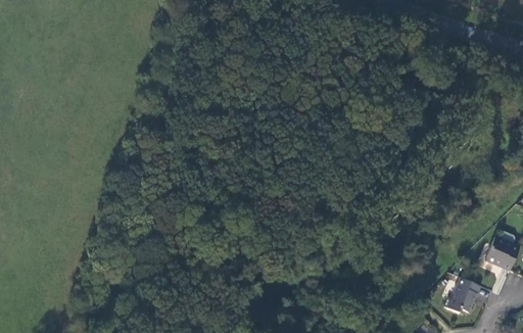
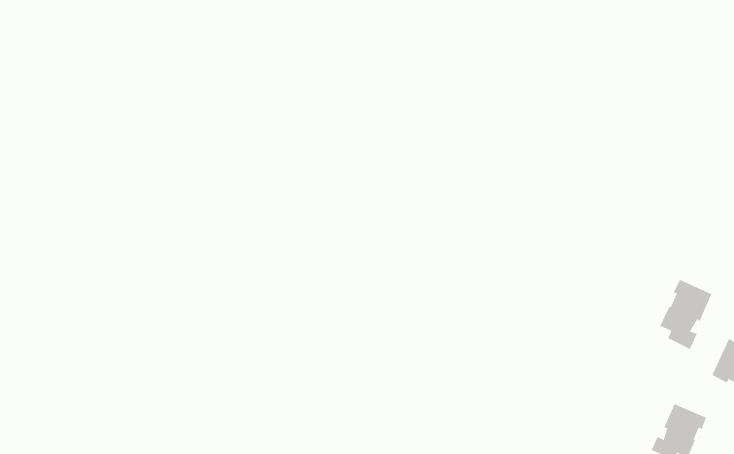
building: none -> [660,279,712,350]

